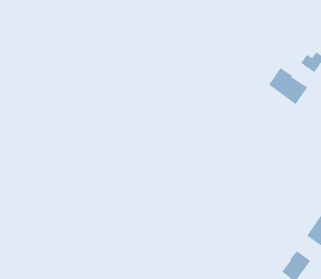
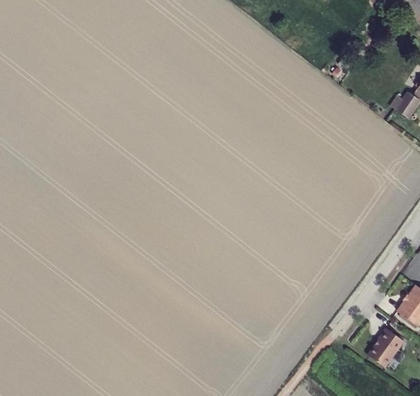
building: [268,67,308,105] -> none

